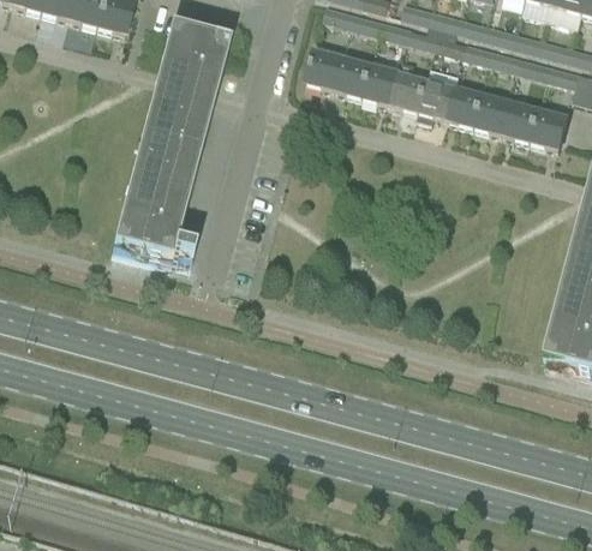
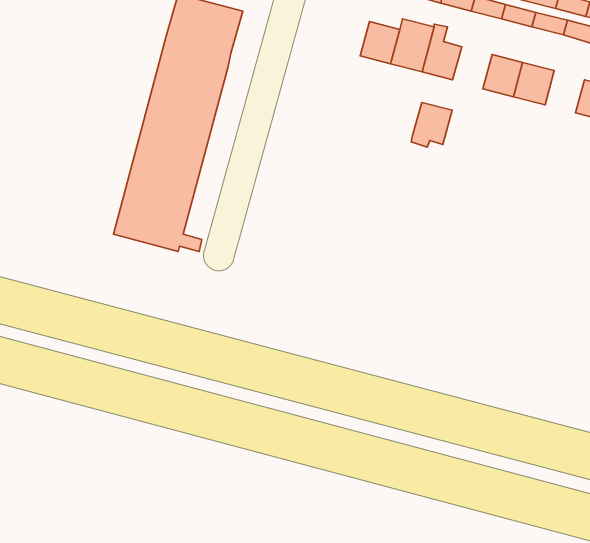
building: [309,49,345,88] -> none
building: [419,79,456,120] -> [411,102,452,147]
building: [504,101,540,139] -> none

